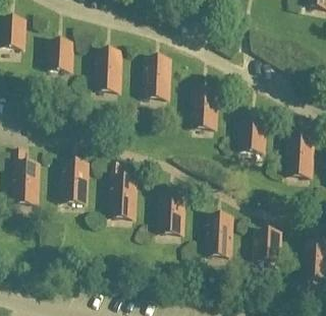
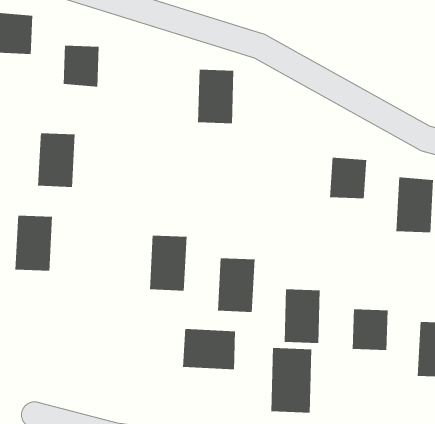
building: [95,51,121,90] -> none
building: [191,87,218,128] -> none
building: [61,163,89,202] -> [37,132,76,188]
building: none -> [182,328,236,370]
building: none -> [270,347,312,414]

